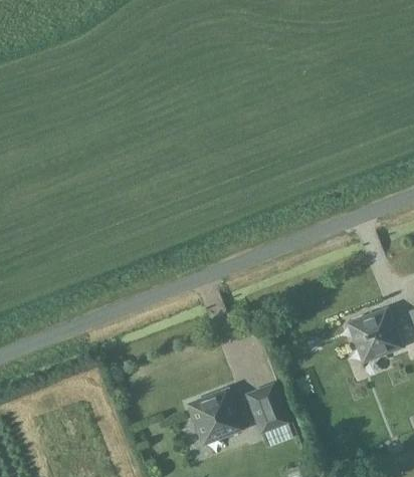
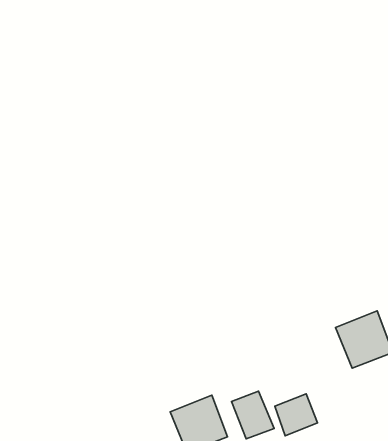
building: none -> [275,394,317,436]

